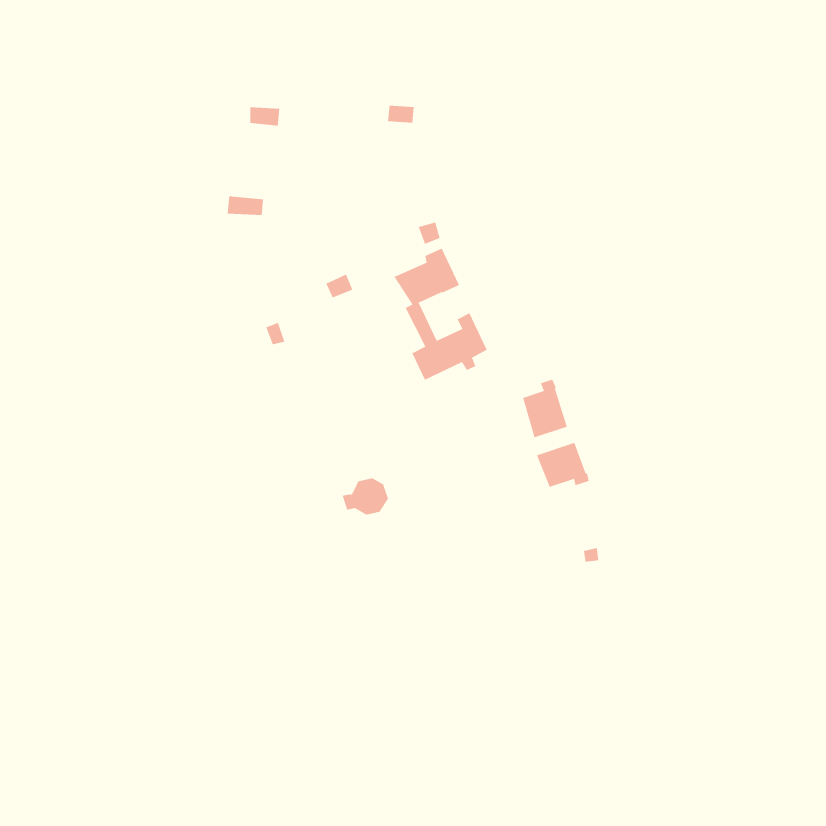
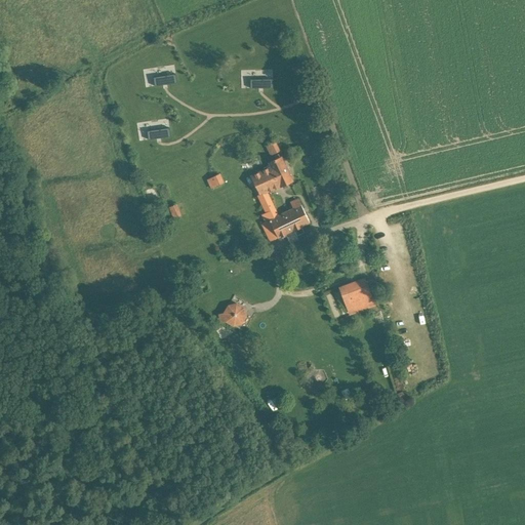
building: [523,379,567,438] -> none

